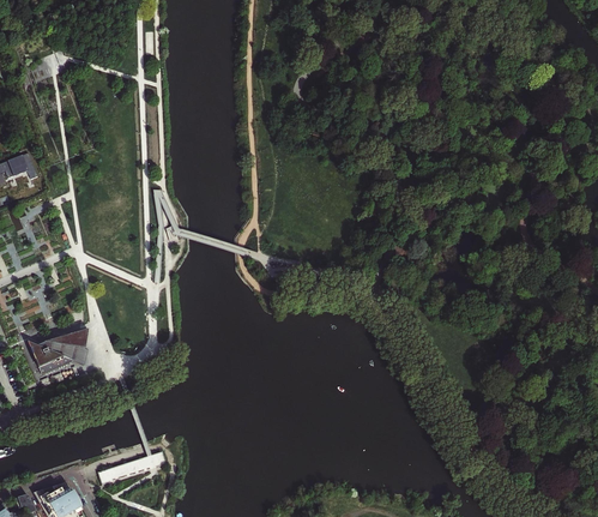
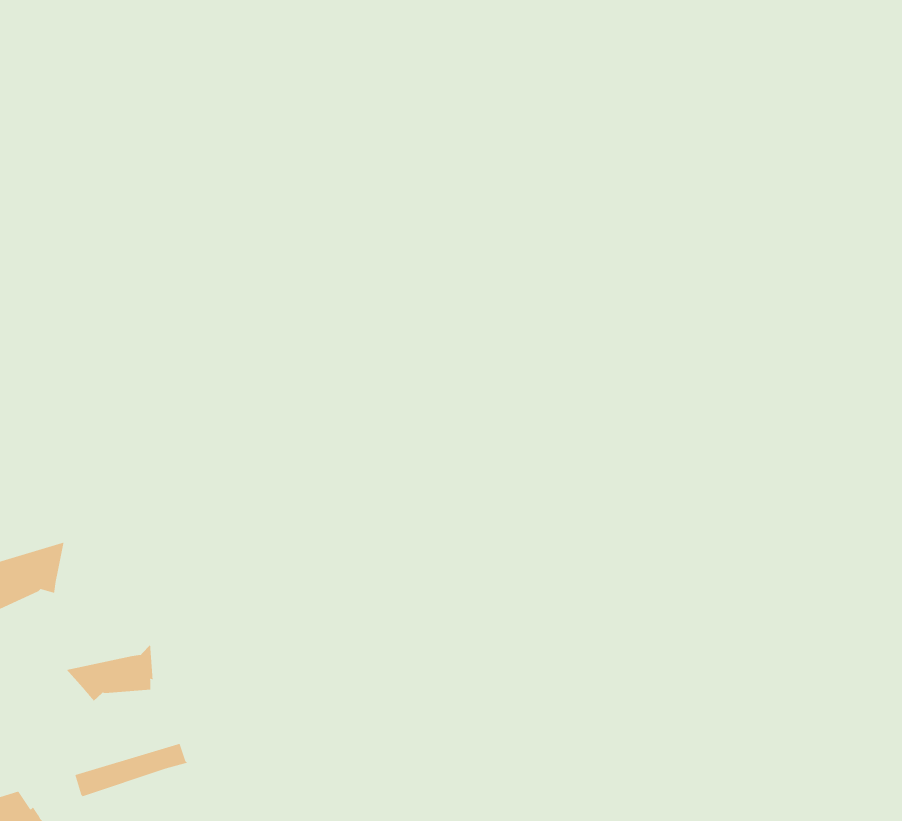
building: none -> [66,644,153,702]

